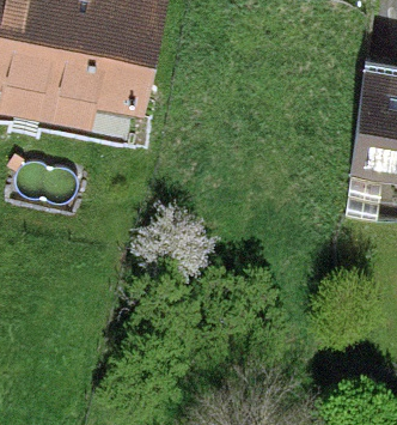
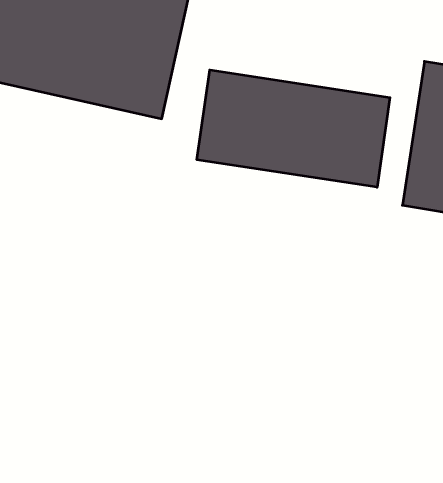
building: none -> [197,70,390,187]

